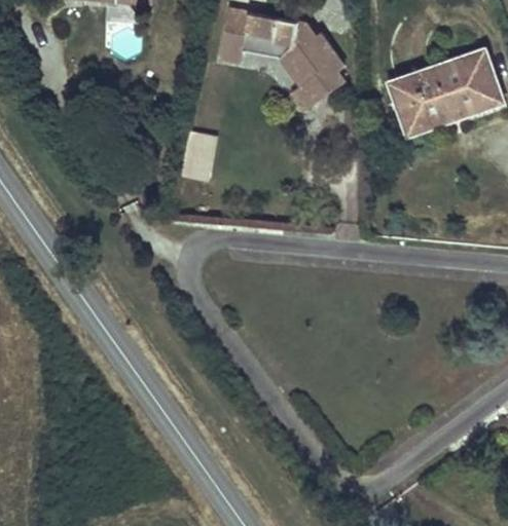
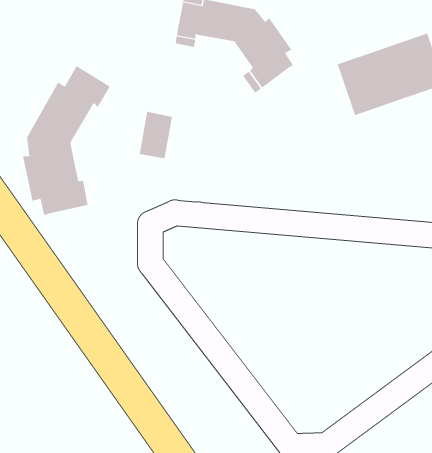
building: none -> [23,65,110,216]

